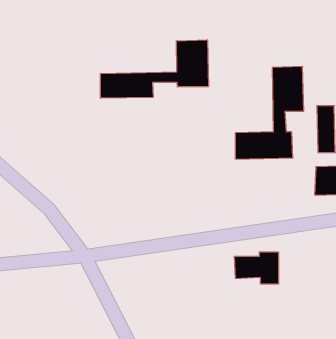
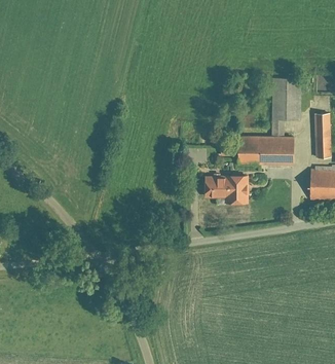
building: [100,40,208,98] -> none
building: [234,252,279,284] -> [204,175,247,205]

